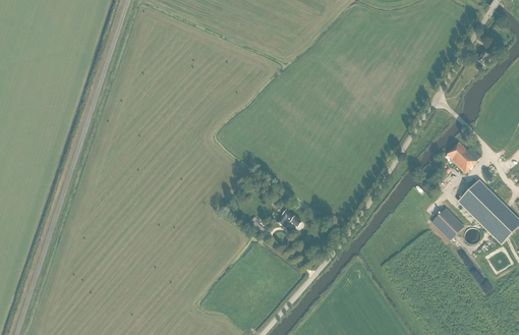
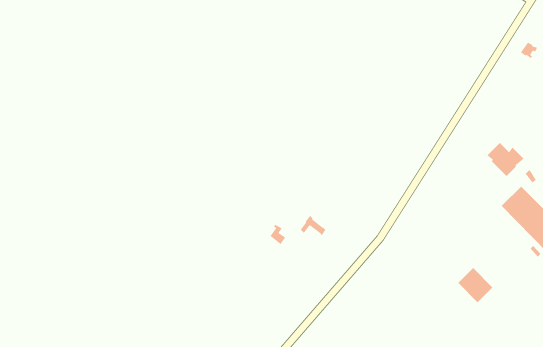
building: [430,207,463,239] -> [457,267,493,303]

